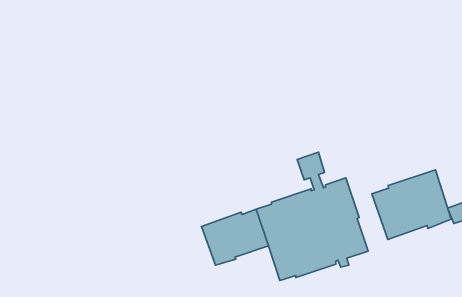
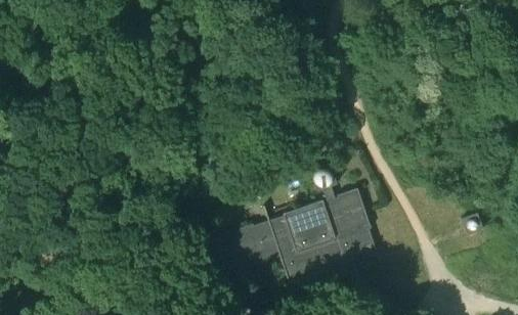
building: [372,170,451,240] -> none

